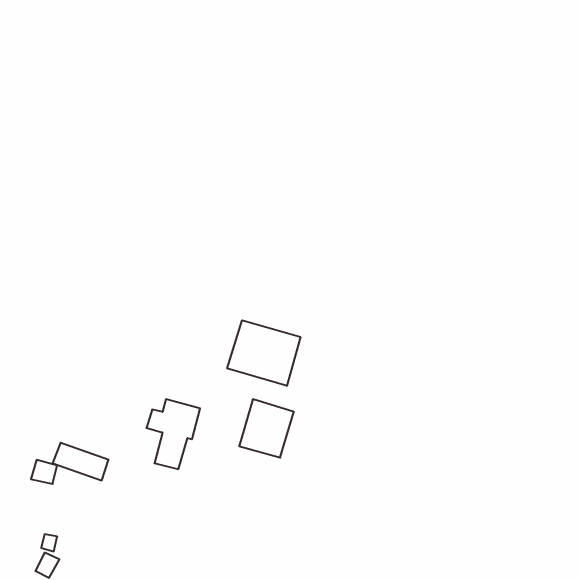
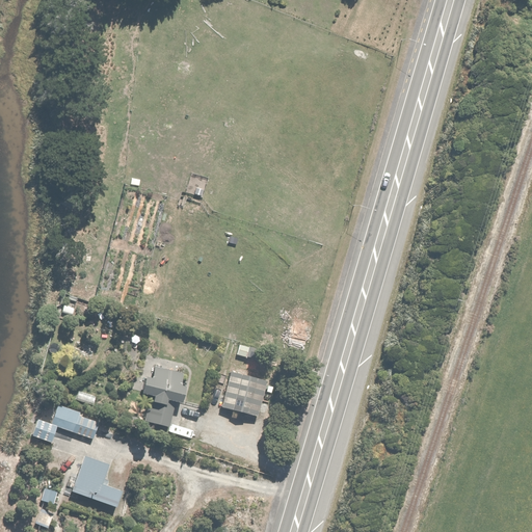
building: [227,320,300,386] -> none
building: none -> [75,456,125,505]

